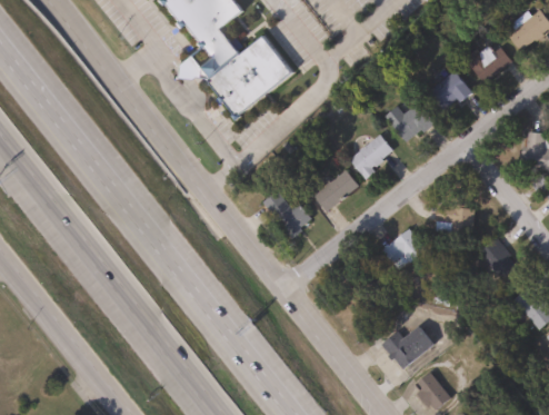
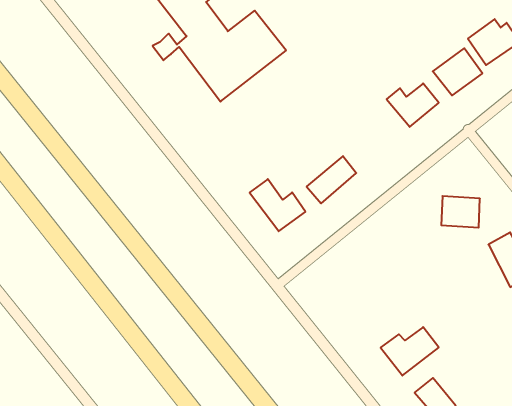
building: [351,134,396,177] -> none
building: [383,228,426,269] -> none

